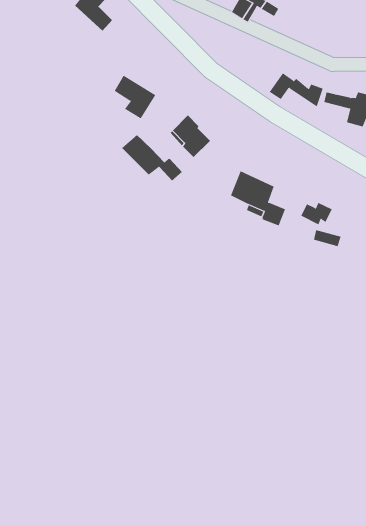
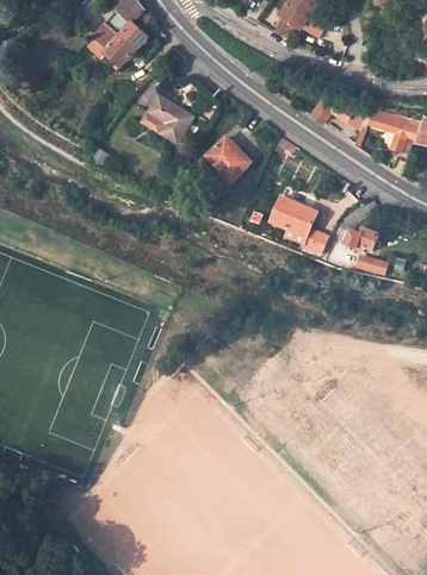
building: none -> [92,23,135,68]
building: [121,134,183,182] -> none

